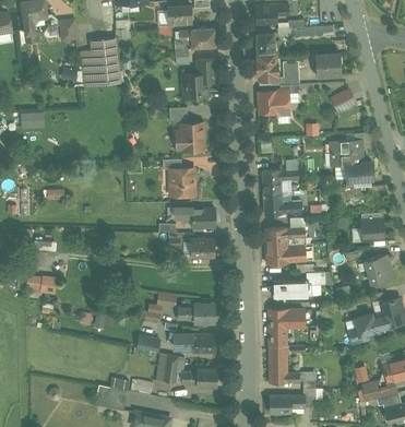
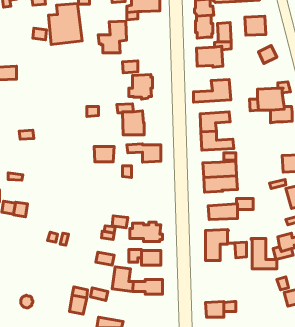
building: [182,59,216,97] -> [98,21,127,53]
building: none -> [193,79,231,102]
building: [191,239,215,258] -> [94,146,114,162]
building: [269,346,299,382] -> [251,239,277,269]

